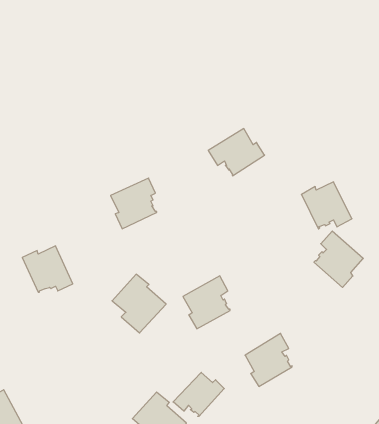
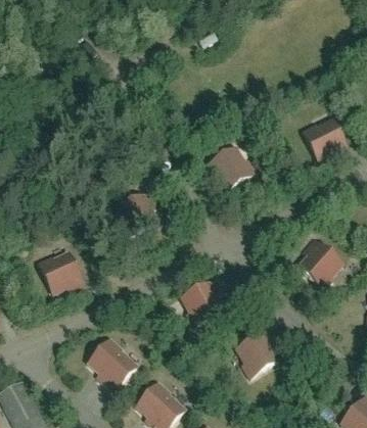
building: [301,182,352,229] -> [303,118,348,160]
building: [112,274,166,333] -> [88,338,136,390]
building: [173,372,224,416] -> none

